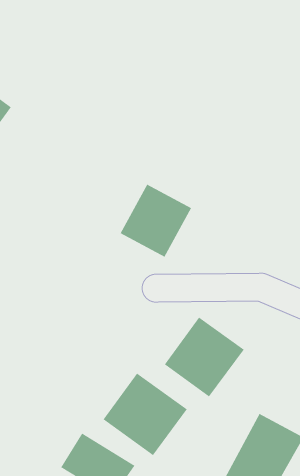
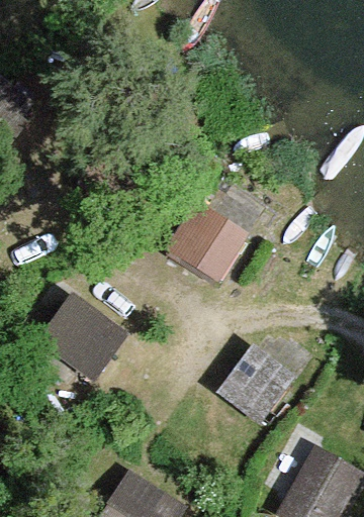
building: none -> [50,303,129,384]
building: [103,372,188,456] -> none

